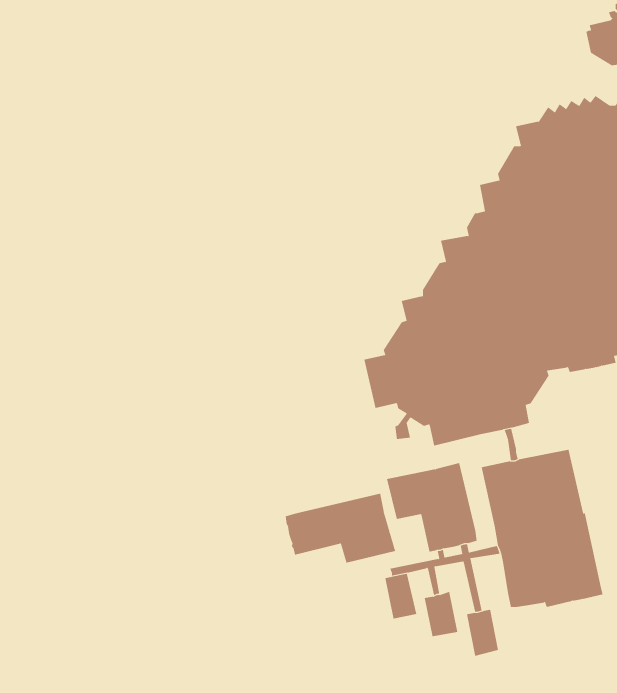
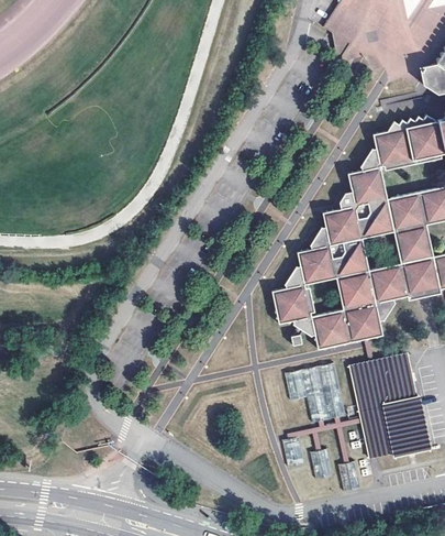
building: [285,493,396,563] -> none

